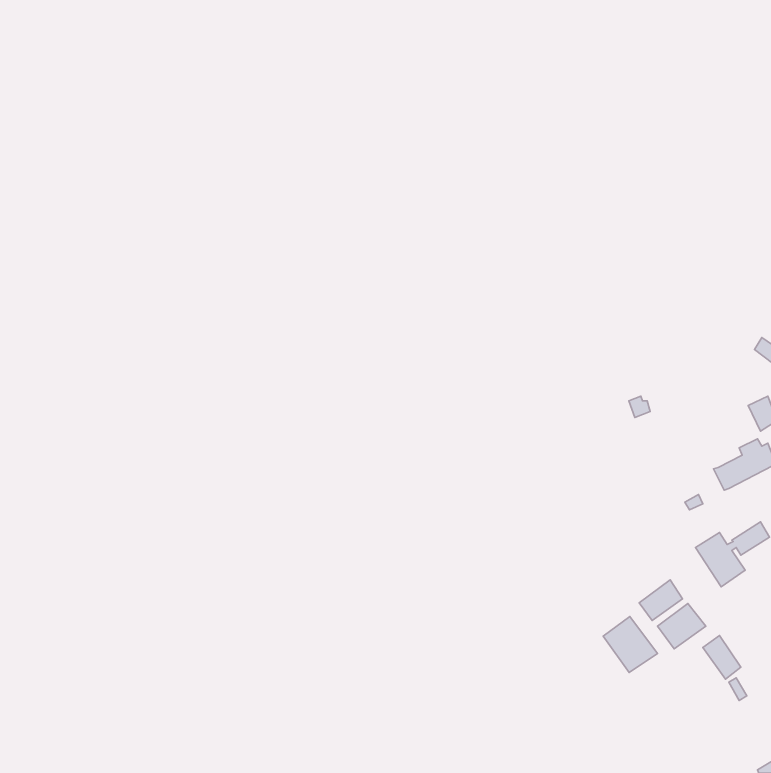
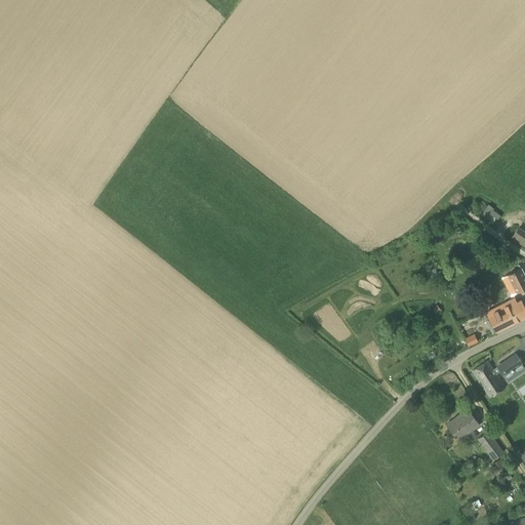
building: [639,580,683,621] -> none
building: [603,617,658,672] -> none

